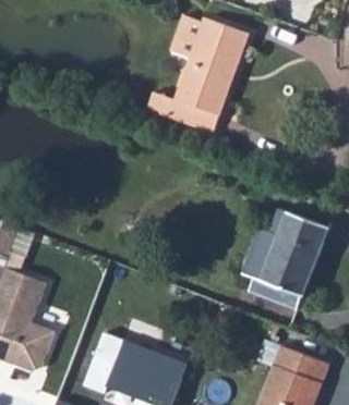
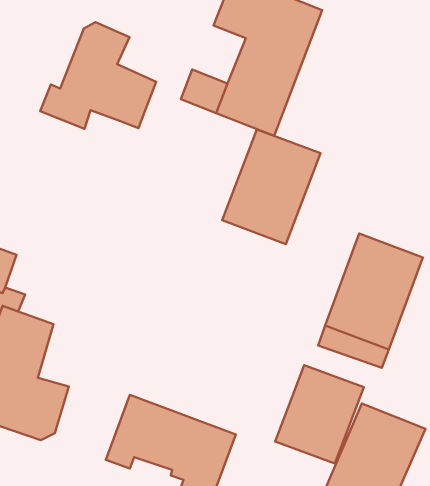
building: none -> [40,22,156,129]
building: none -> [222,129,321,244]
building: none -> [275,365,364,464]

